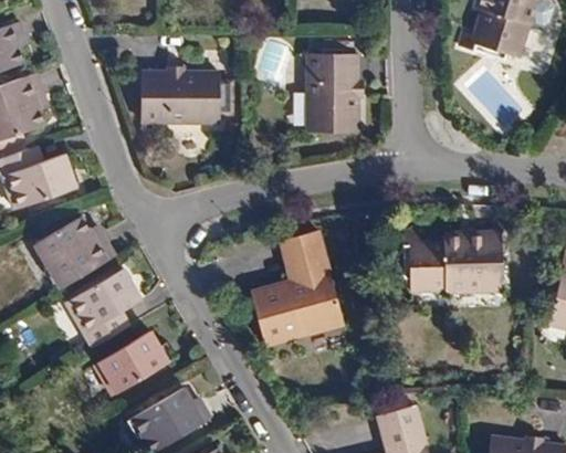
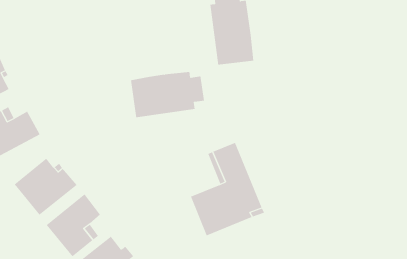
building: [144,71,234,120] -> [130,71,205,118]
building: [403,234,503,295] -> none

